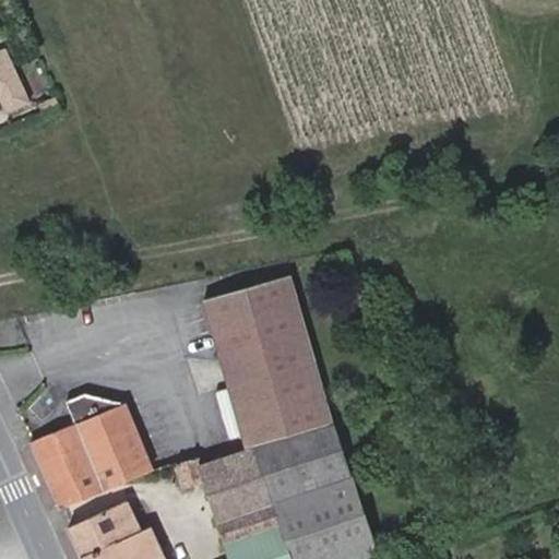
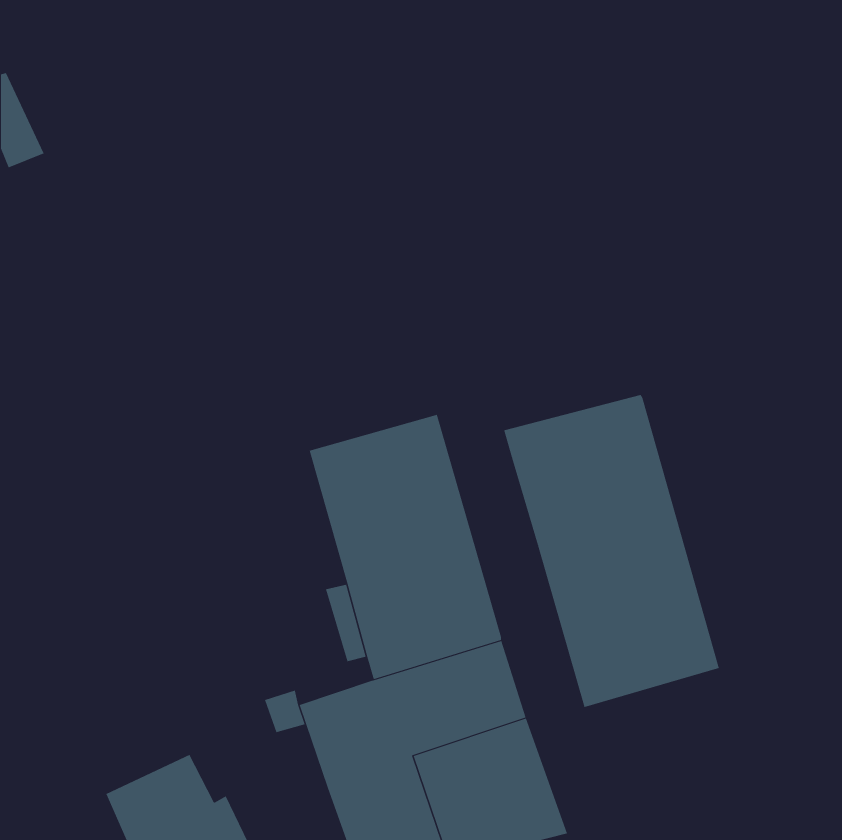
building: none -> [504,394,719,708]
building: [32,395,152,509] -> none

